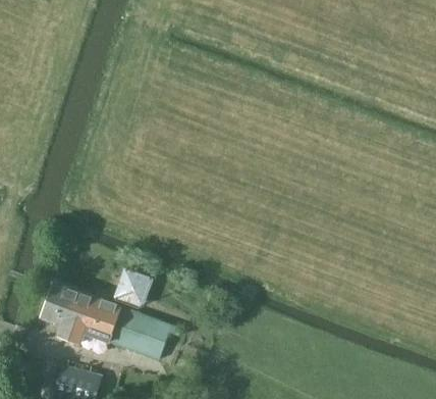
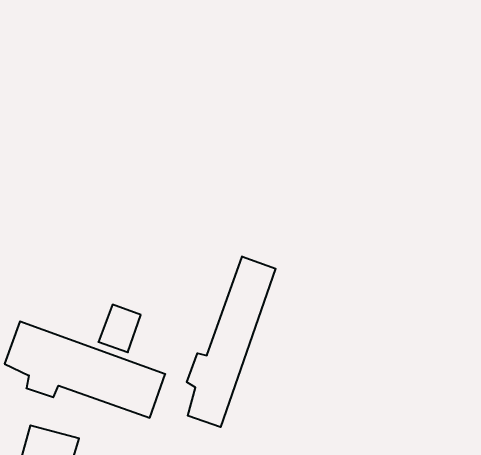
building: none -> [187,256,276,427]

